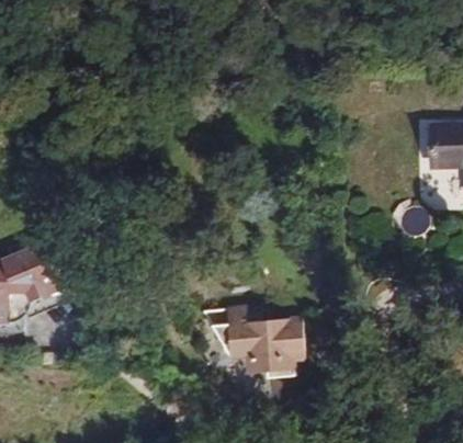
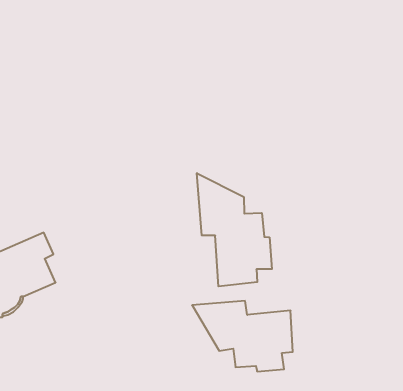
building: none -> [197,173,272,286]

